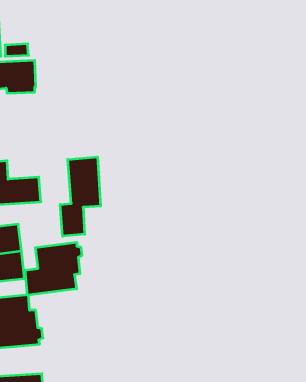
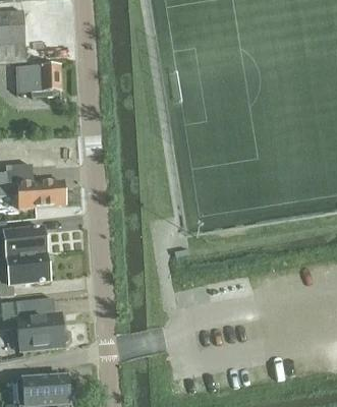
building: [60,157,101,236] -> none
building: [25,242,82,295] -> none

